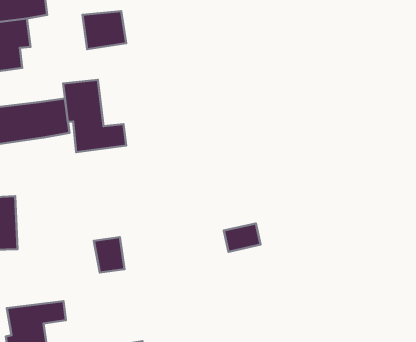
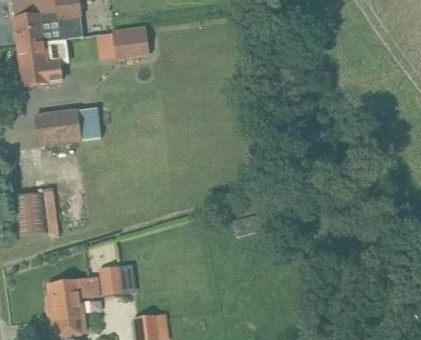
building: [63,80,126,152] -> none
building: [94,237,125,273] -> [97,265,123,295]

